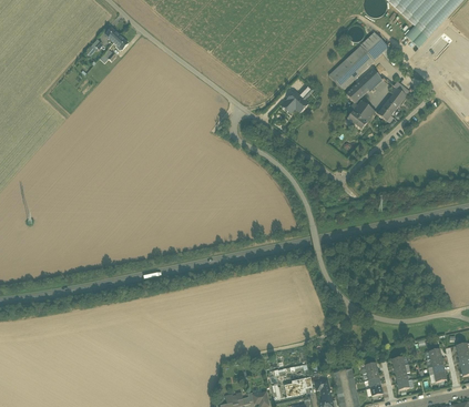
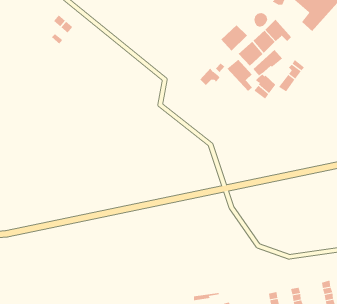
building: none -> [221,24,248,51]
building: none -> [227,59,253,92]

